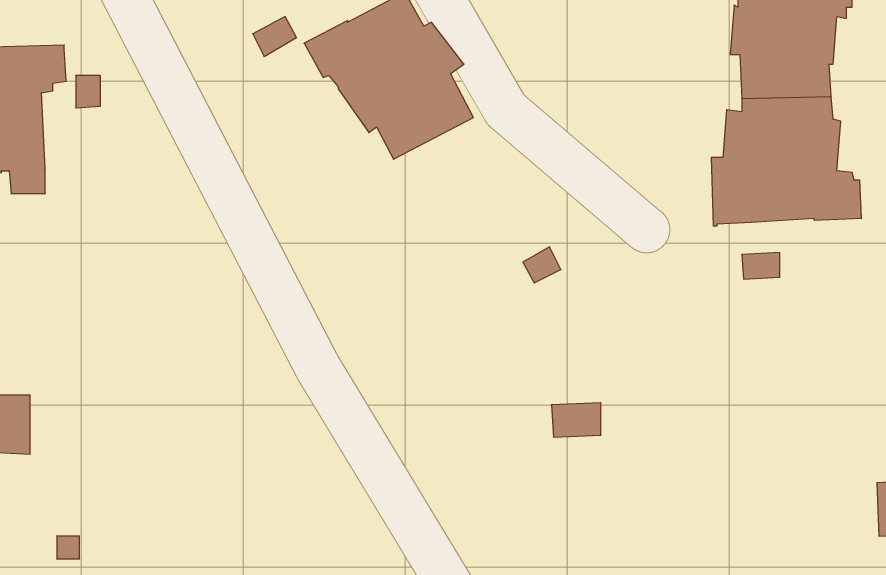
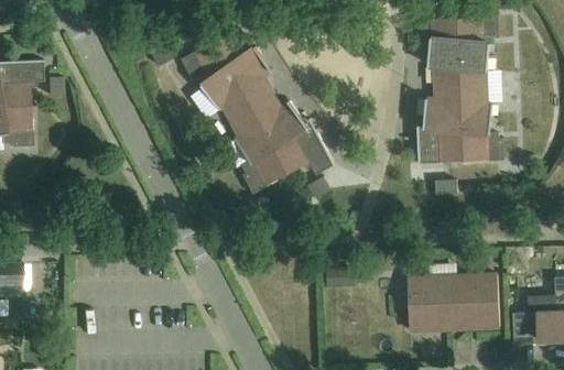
building: none -> [232,100,334,194]
building: none -> [406,274,499,330]

